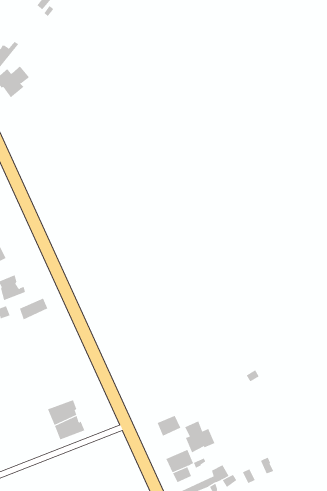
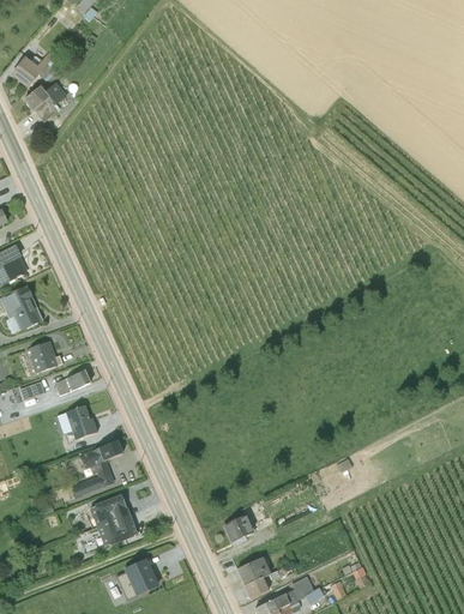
building: none -> [66,405,98,440]
building: none -> [72,440,123,496]
building: [184,420,215,453] -> none
building: none -> [116,559,158,600]

